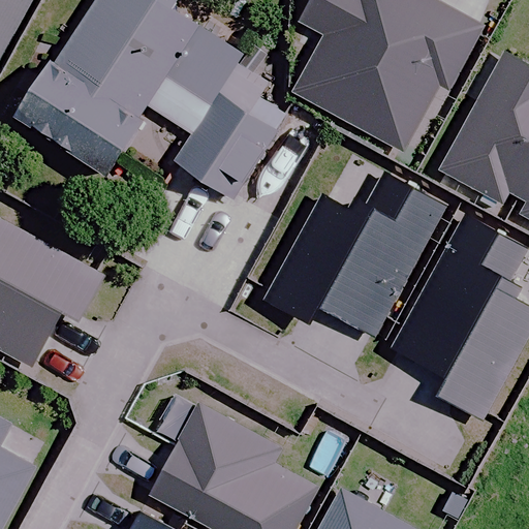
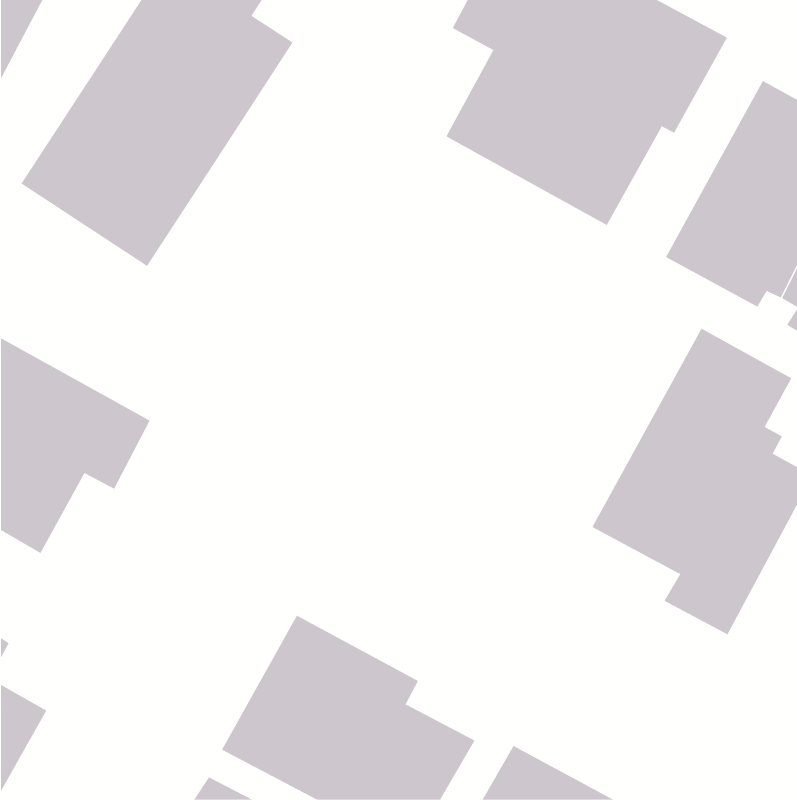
building: [147,28,288,198] -> none
building: [266,173,446,336] -> none

